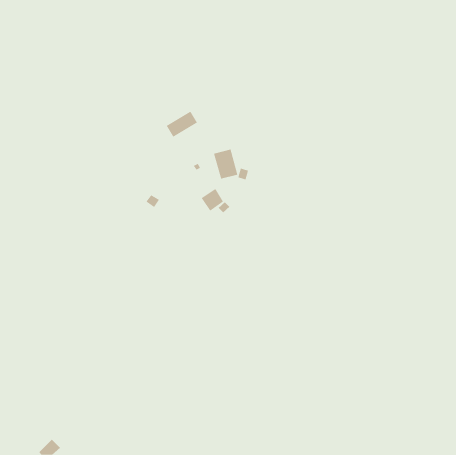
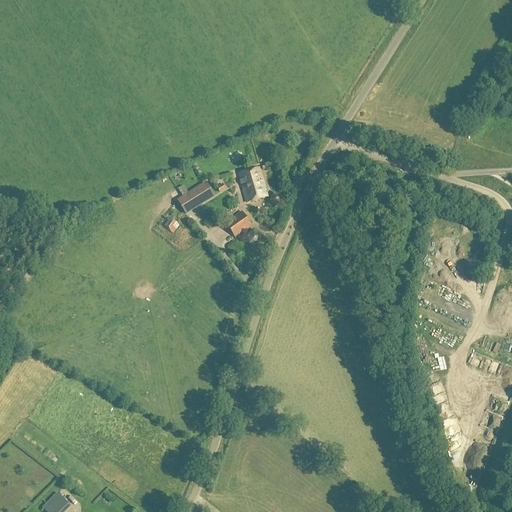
building: [166,111,198,138] -> [178,182,214,212]

